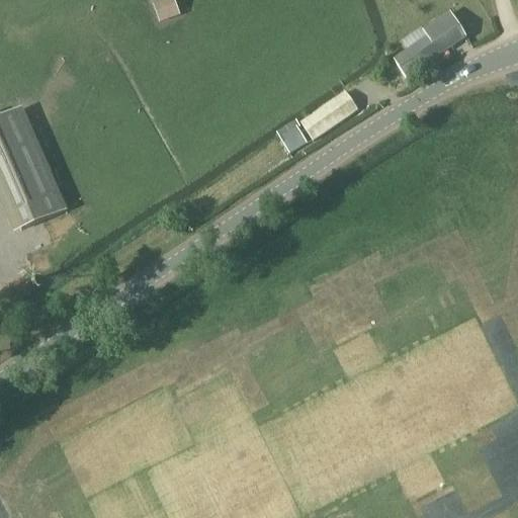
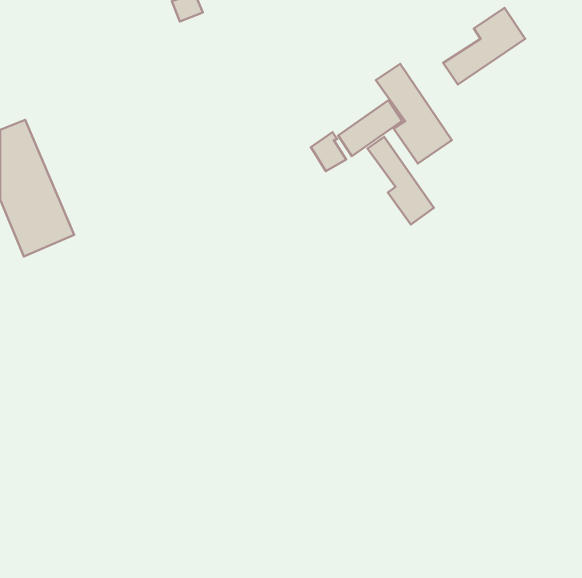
building: none -> [376,64,452,163]
building: none -> [367,137,434,225]

